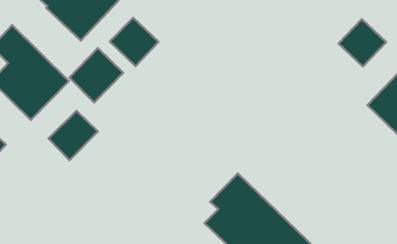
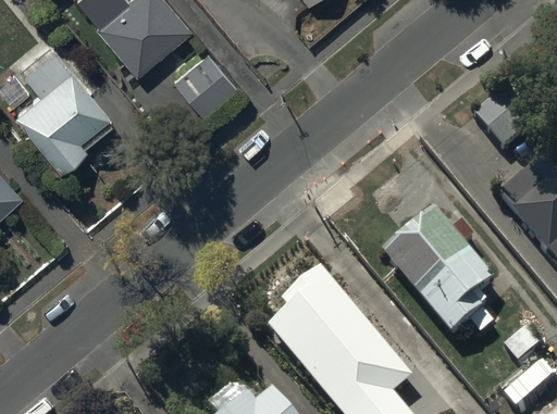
building: [69,48,123,102] -> none
building: [49,111,98,160] -> none
building: none -> [380,208,493,335]

